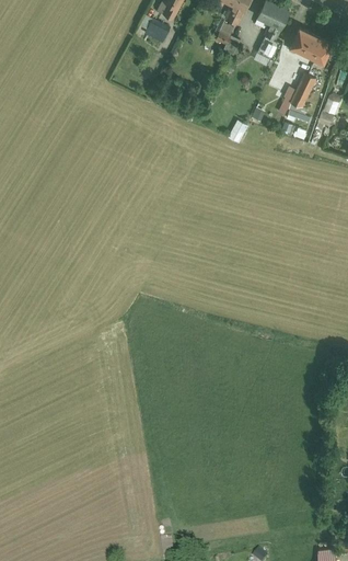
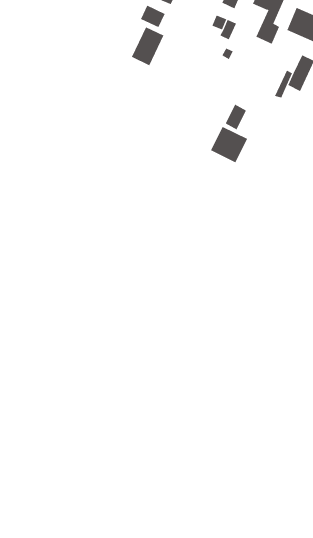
building: none -> [131,26,164,66]
building: none -> [210,126,248,163]

